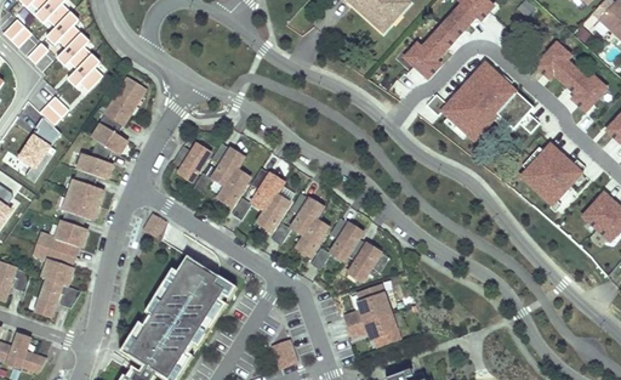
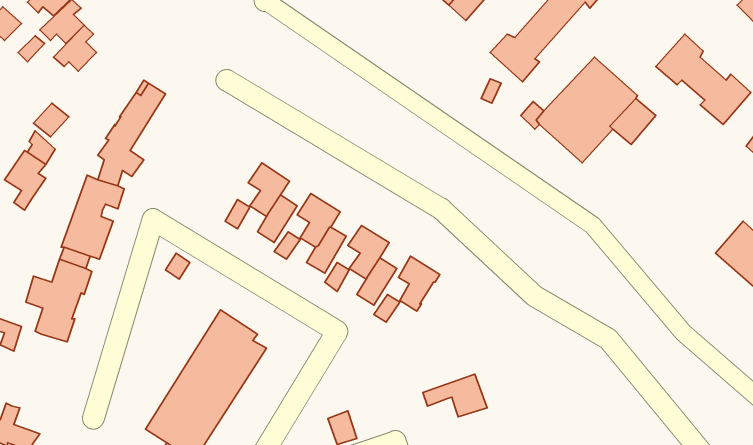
building: [67,56,101,92] -> none
building: [518,141,583,208] -> none
building: [172,143,210,181] -> none
building: [346,238,388,280] -> none
building: [35,279,81,317] -> none
building: [344,285,389,325] -> none

